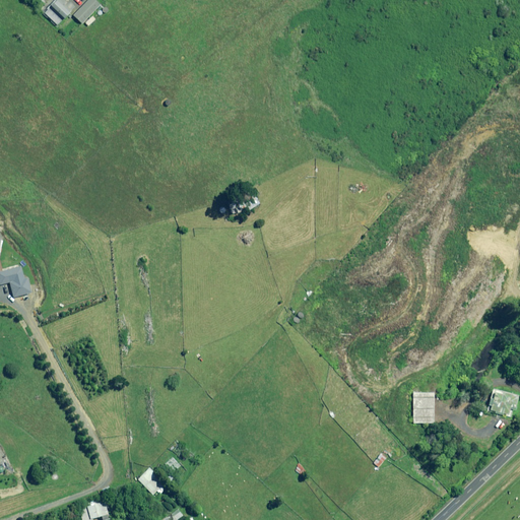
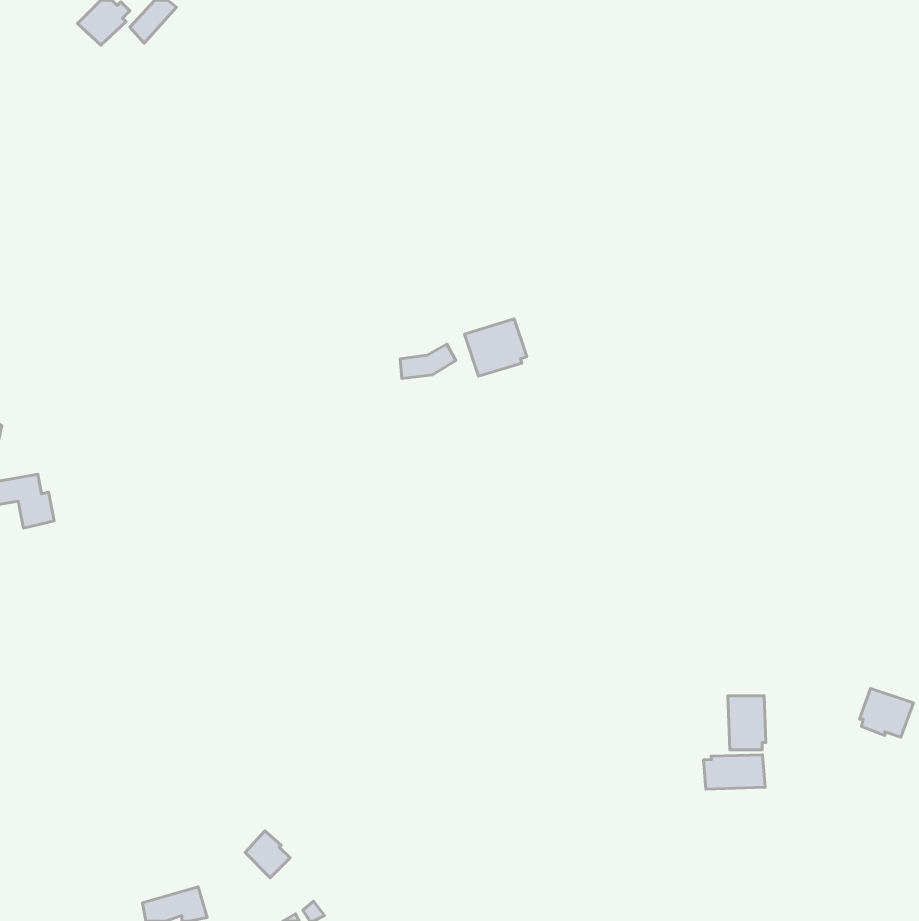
building: none -> [464,319,527,376]
building: none -> [704,755,765,789]

